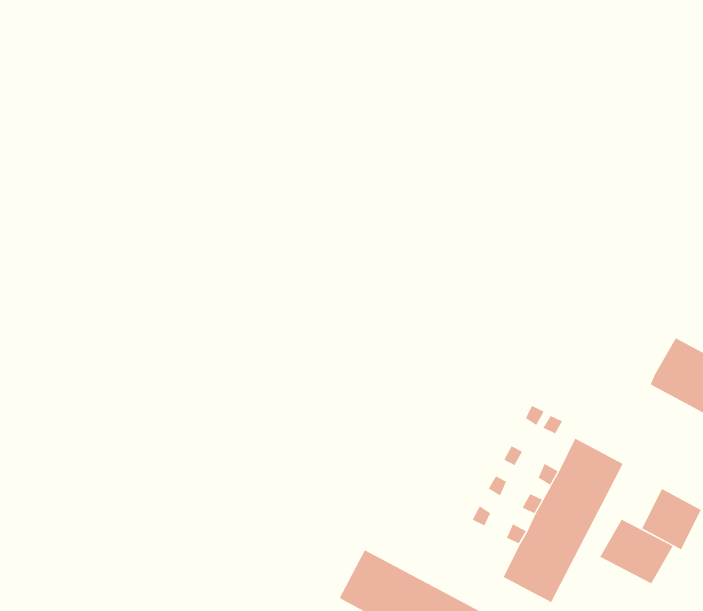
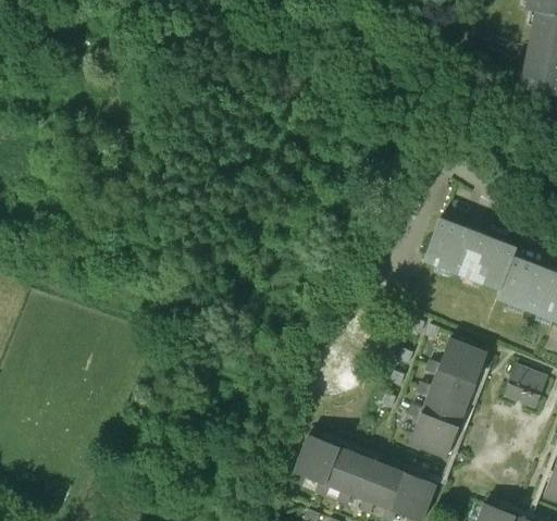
building: none -> [426,219,516,285]
building: [600,519,673,584] -> none

